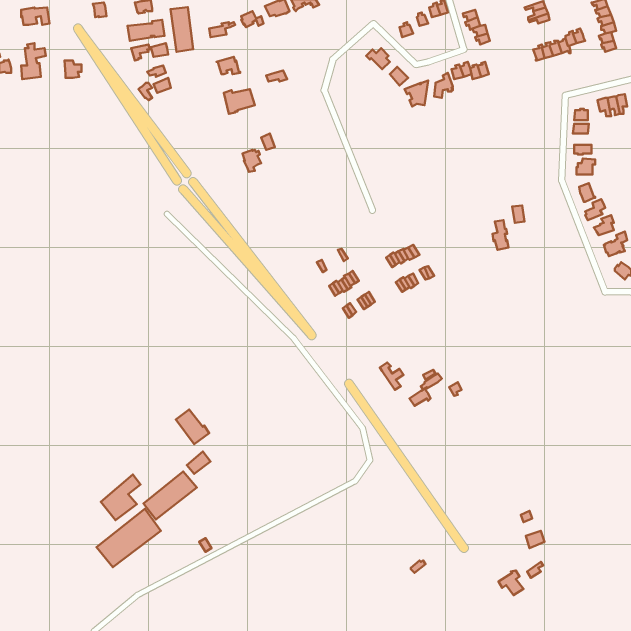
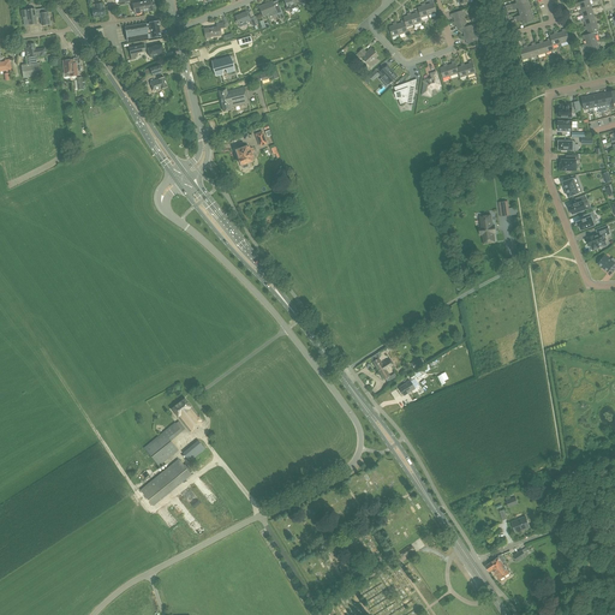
building: [170,7,193,52] -> none
building: [101,474,140,520] -> [143,420,181,465]
building: [97,509,161,567] -> none

